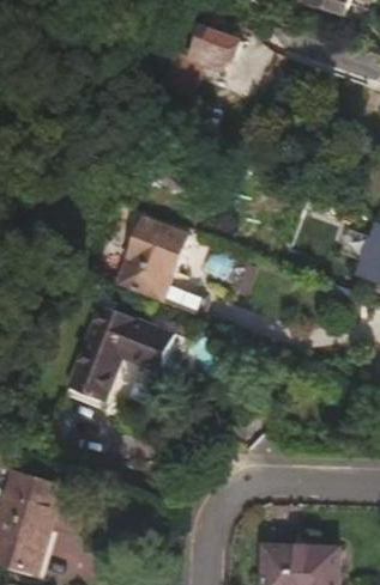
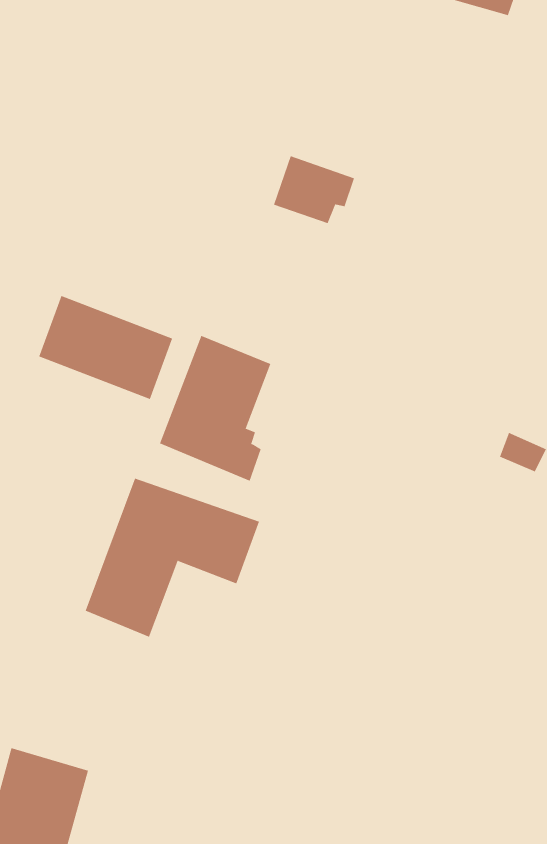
building: [187,29,239,72] -> [273,155,355,224]
building: none -> [38,295,173,400]

